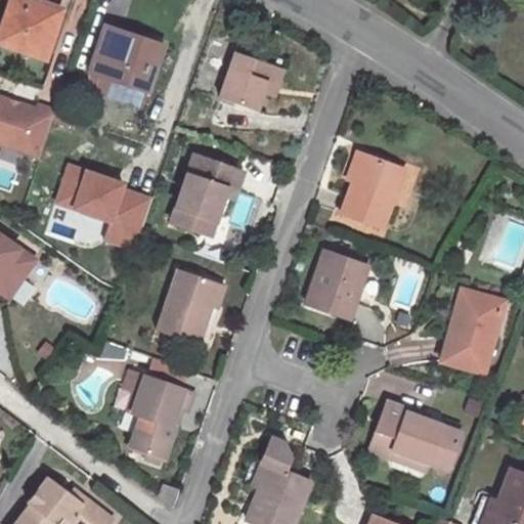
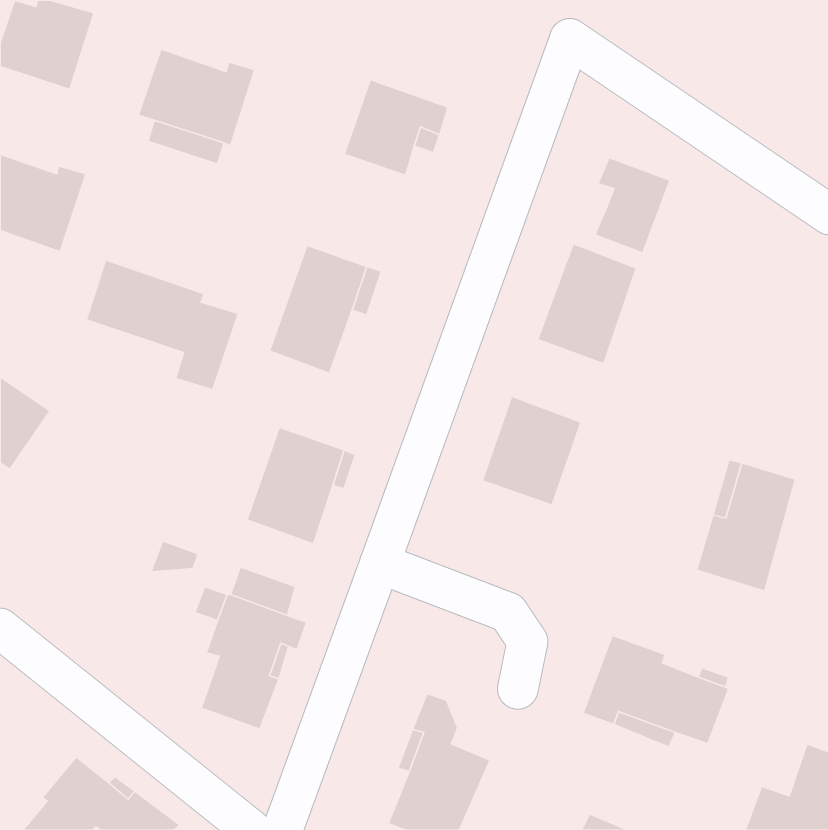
building: none -> [595,158,670,253]

